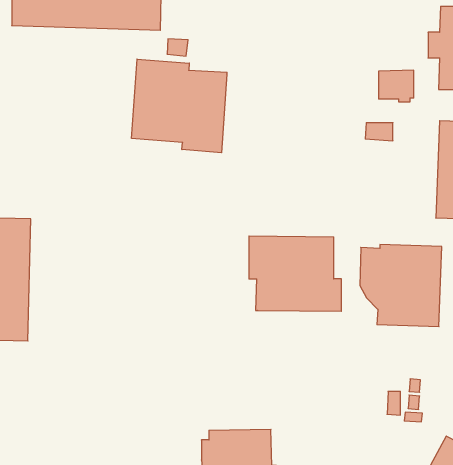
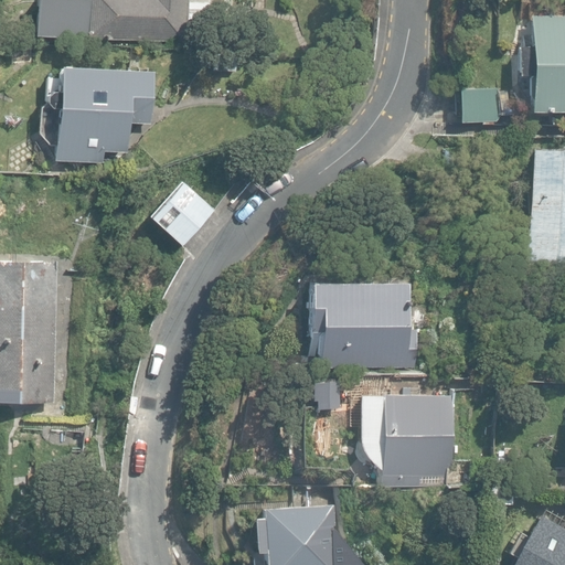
building: none -> [49,65,156,163]
building: [132,59,227,153] -> none
building: none -> [152,180,214,243]
building: [360,245,442,327] -> [360,394,455,489]

